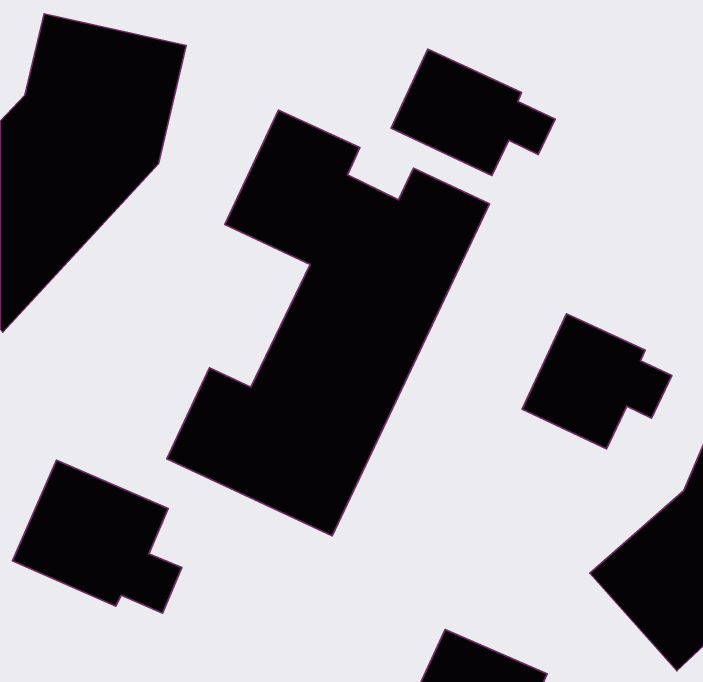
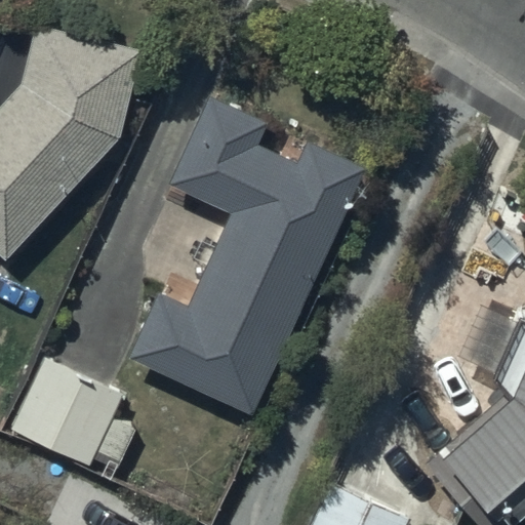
building: [391,49,555,176] -> none
building: [522,314,672,449] -> none

